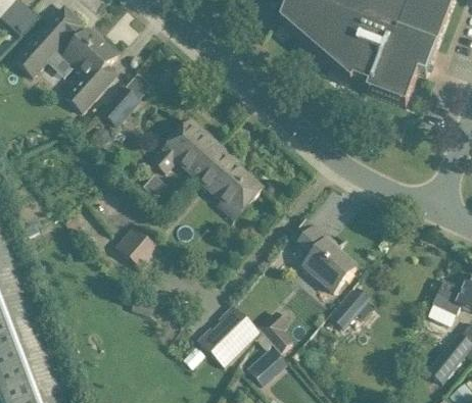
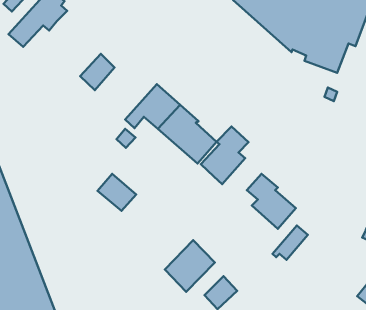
building: [61,31,115,112] -> none
building: none -> [201,126,249,184]
building: [256,311,292,353] -> none

